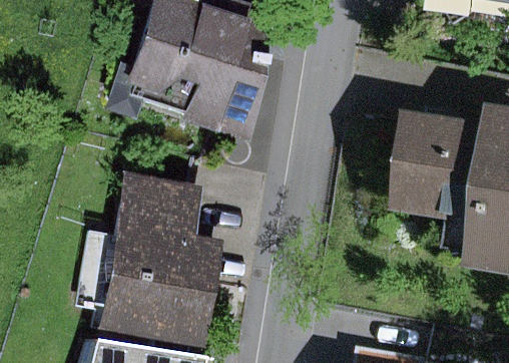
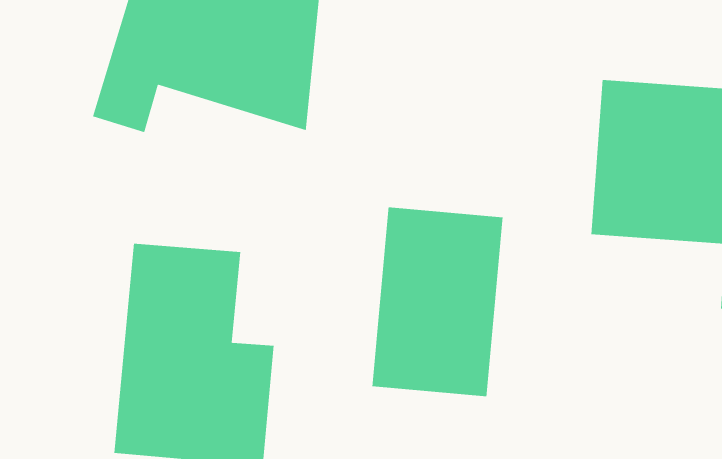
building: none -> [372,206,503,397]

